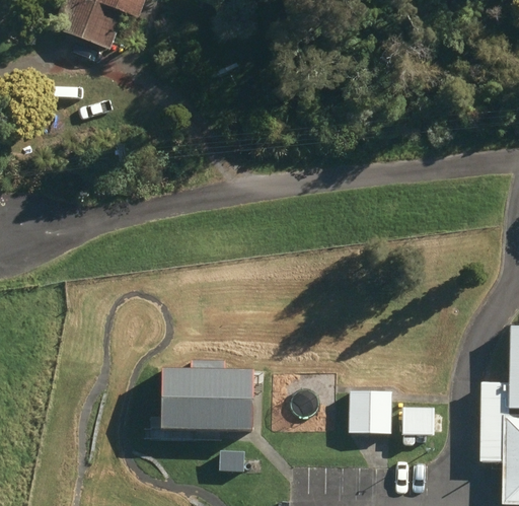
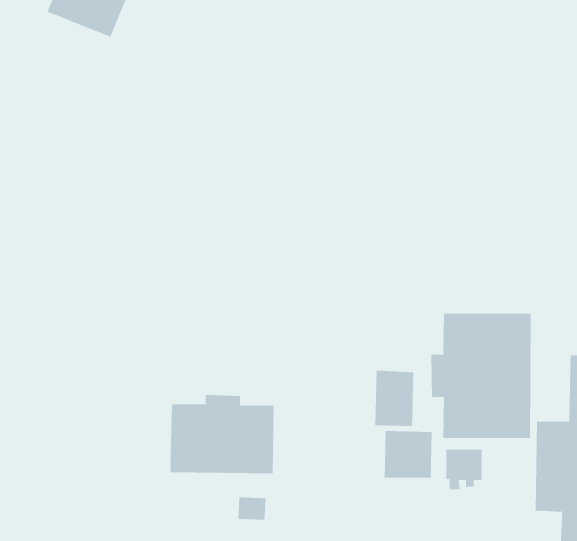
building: none -> [431,313,531,439]
building: none -> [375,370,414,427]

